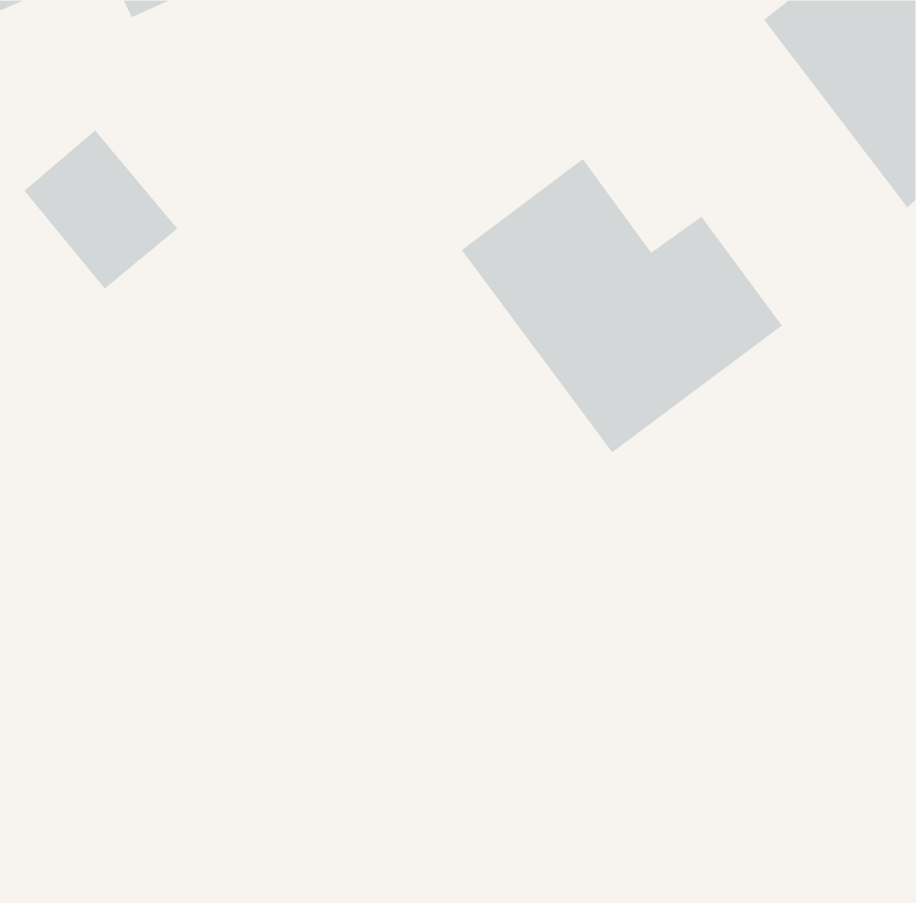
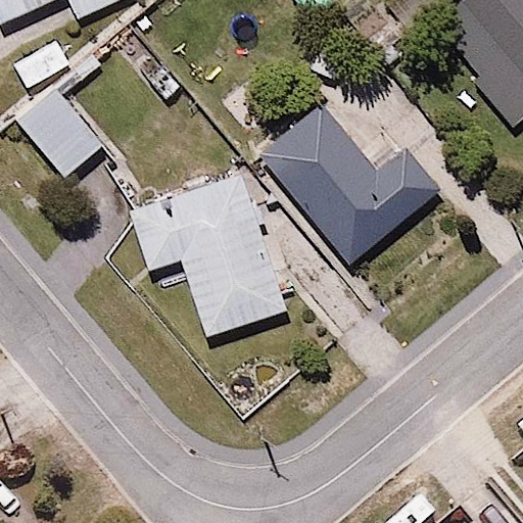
building: none -> [123,167,287,338]

